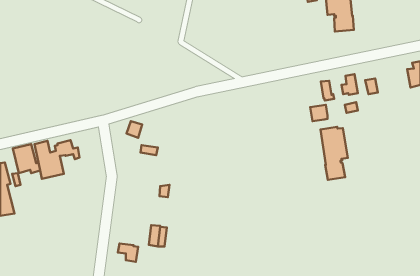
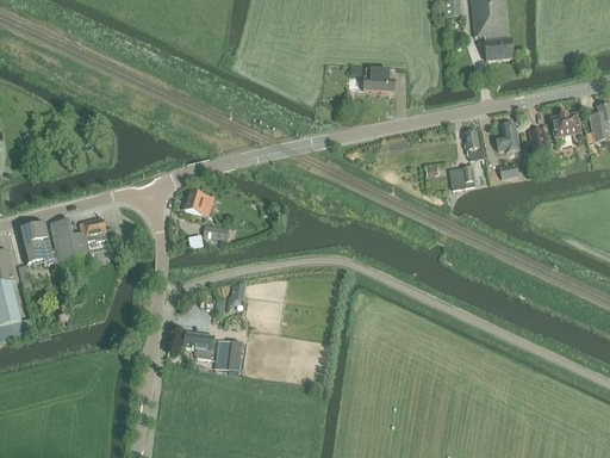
building: none -> [363,69,394,91]
building: none -> [552,112,580,136]
building: [321,127,348,180] -> none
building: [118,244,138,262] -> [185,333,214,359]

